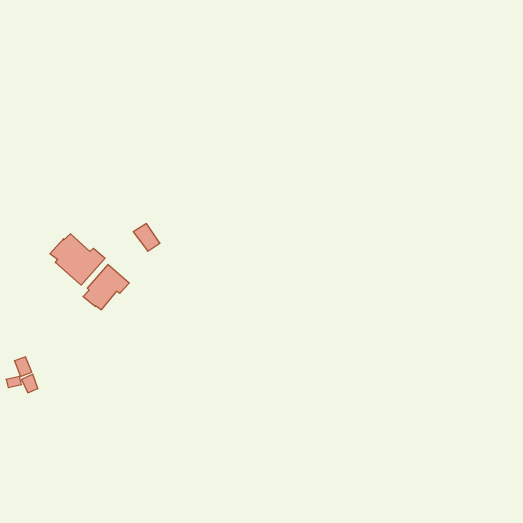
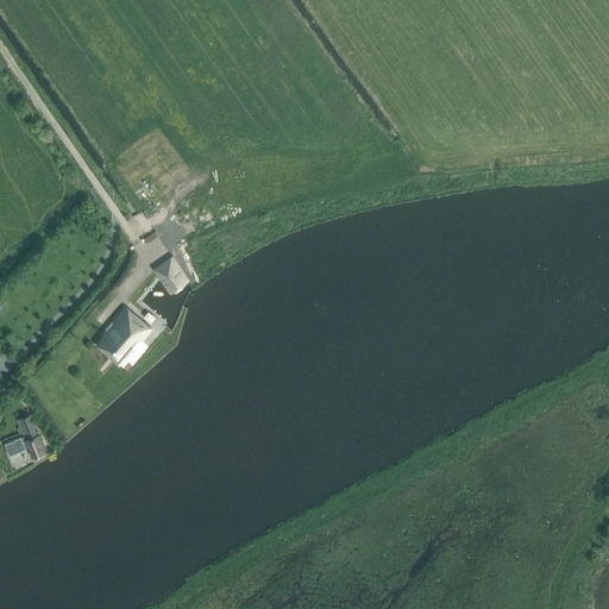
building: [50,234,105,285] -> none

